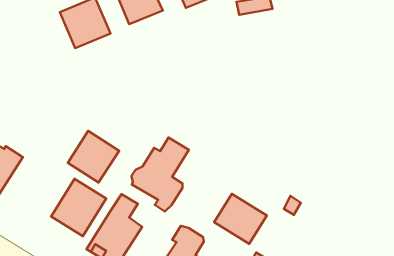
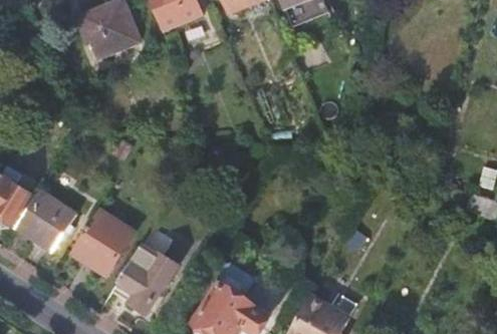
building: [68,131,119,183] -> [15,191,75,251]
building: [132,137,189,211] -> none
building: [214,194,267,244] -> none

